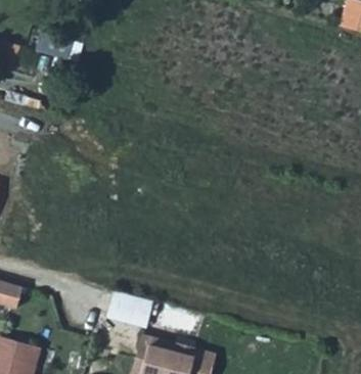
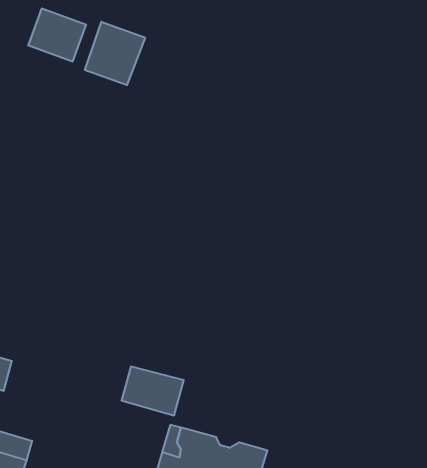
building: none -> [85,22,145,85]

